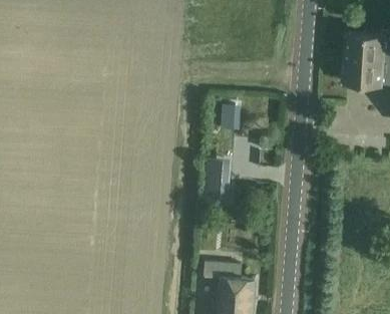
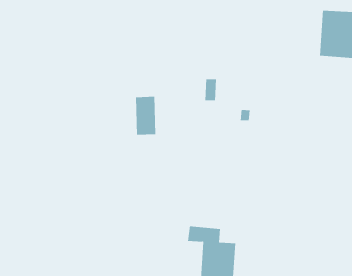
building: [208,153,230,195] -> [135,96,156,135]

